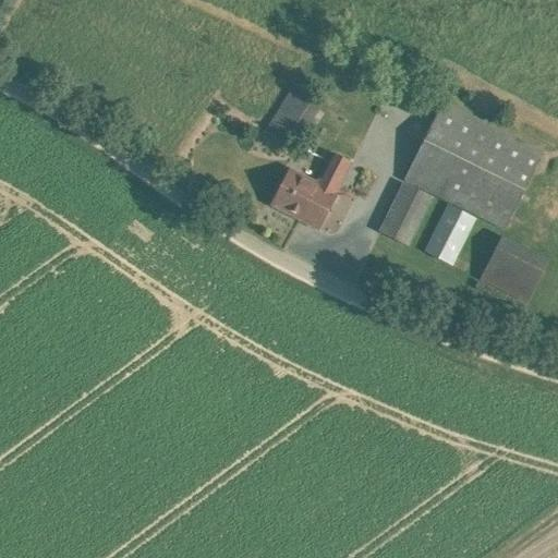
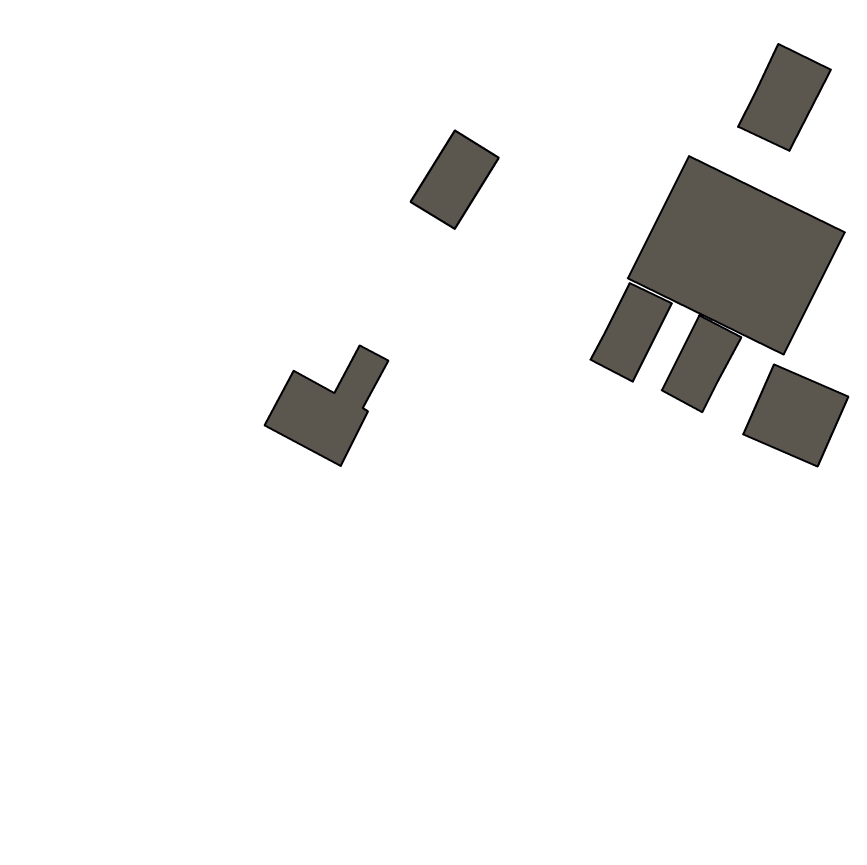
building: none -> [738,44,831,151]
building: [270,151,350,229] -> [265,346,388,466]

